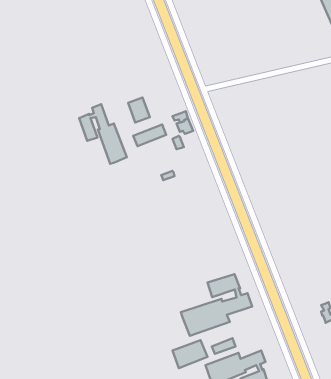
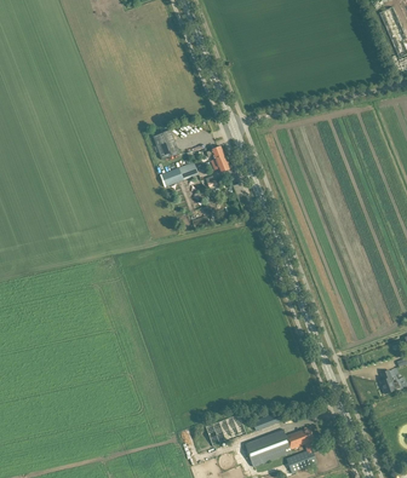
building: [79,104,127,164] -> none
building: [181,274,252,336] -> none

